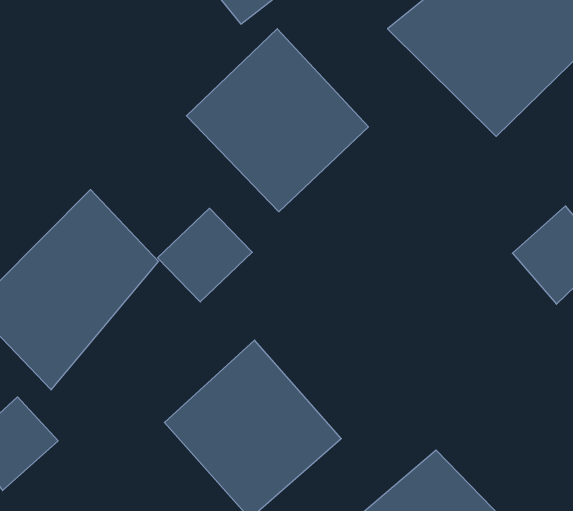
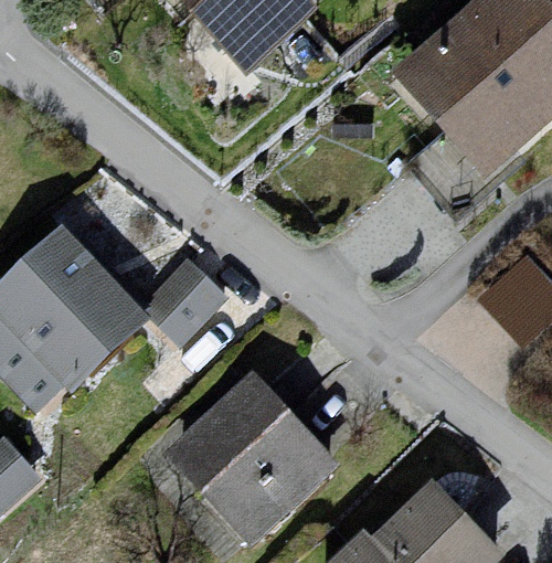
building: [186,29,368,212] -> none

